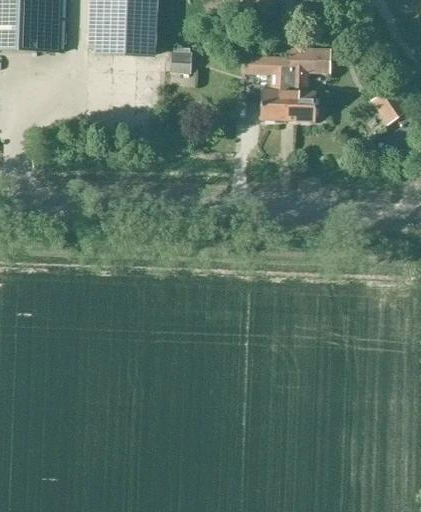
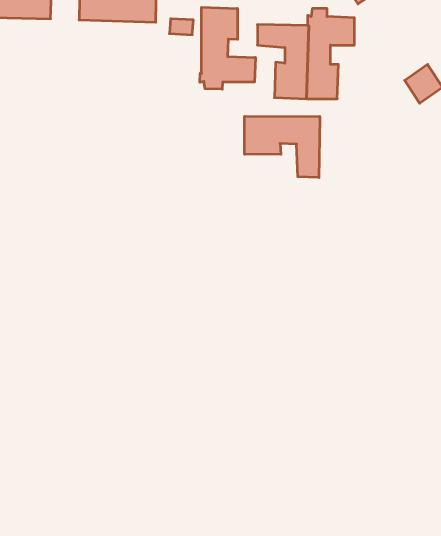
building: none -> [200,7,255,89]
building: none -> [245,116,320,178]

